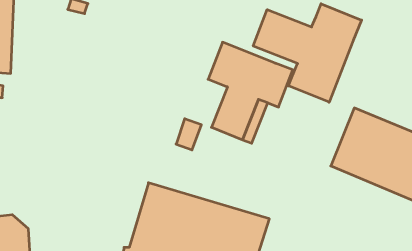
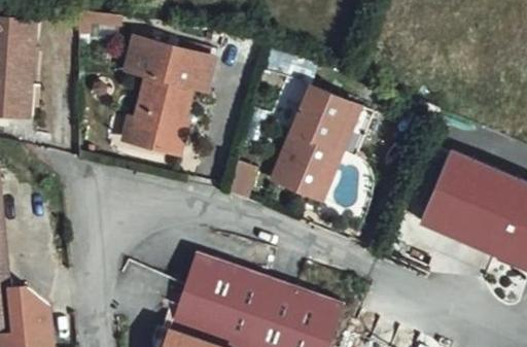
building: [253,4,362,102] -> none
building: none -> [121,37,213,154]

